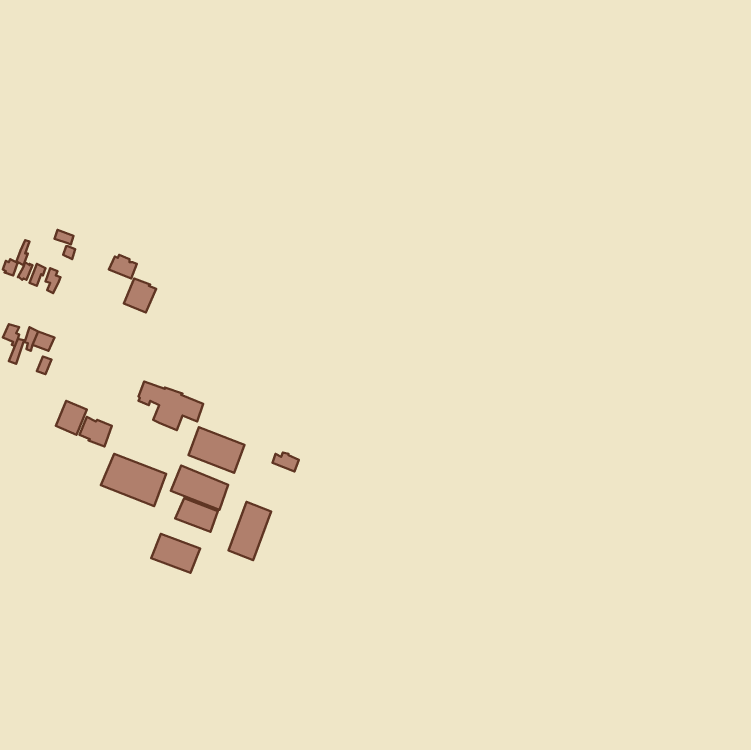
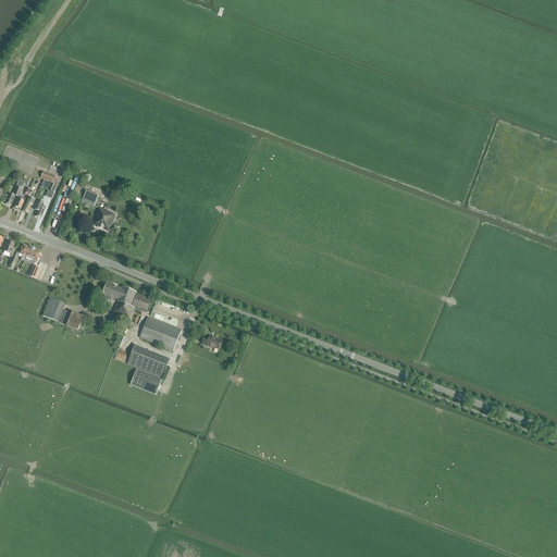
building: [101,454,166,506] -> none
building: [228,502,271,560] -> none
building: [151,534,200,573] -> none

